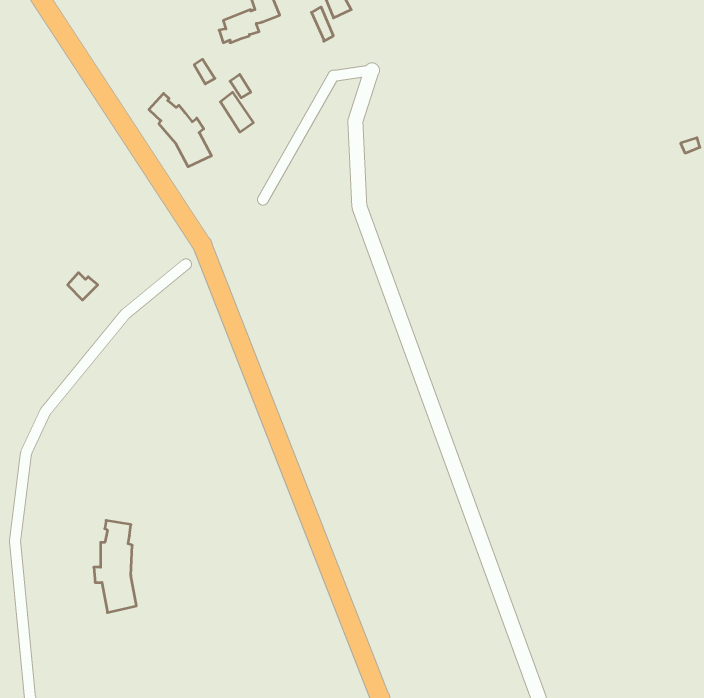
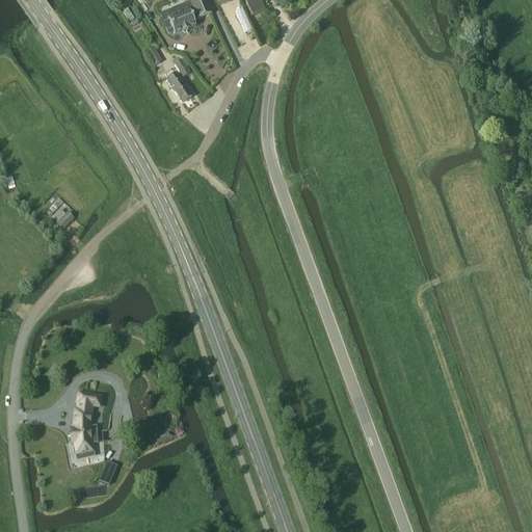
building: [149,93,211,167] -> none

